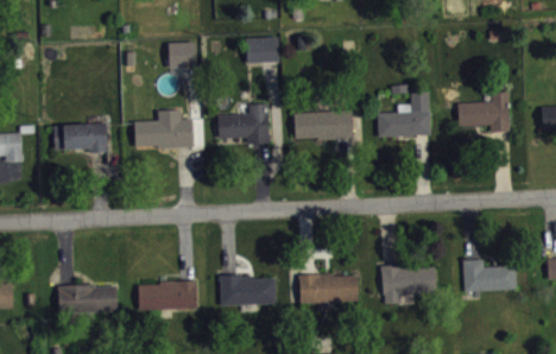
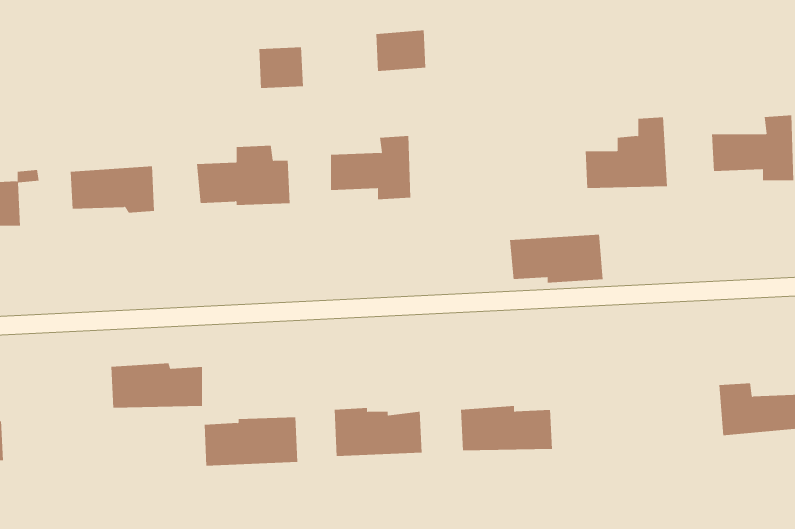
building: [293,109,353,140] -> [509,234,603,283]
building: [380,265,436,303] -> none
building: [58,284,116,312] -> [111,363,203,408]

